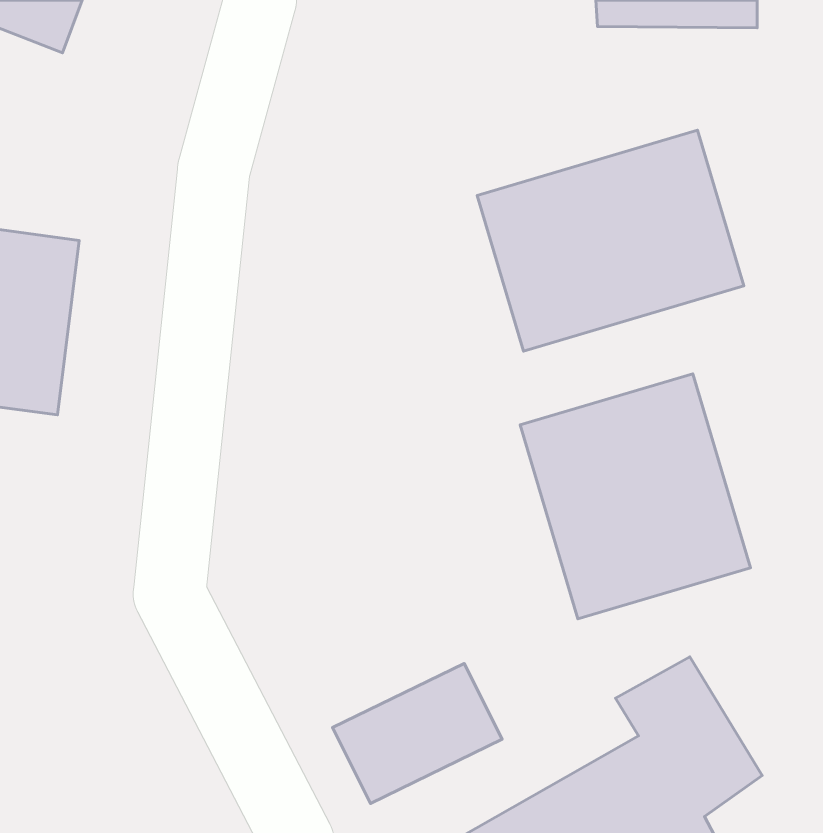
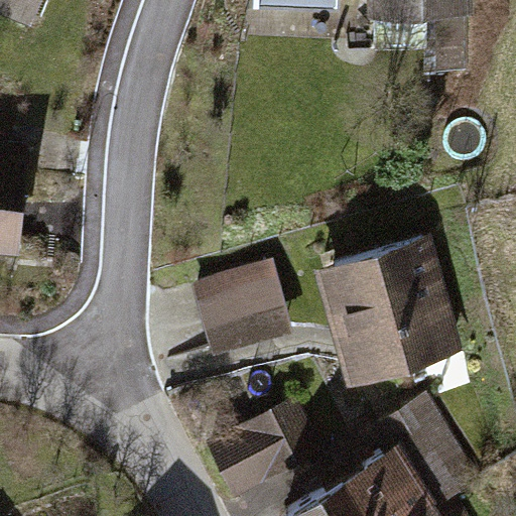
building: [477,130,744,351] -> none
building: none -> [190,272,276,351]

